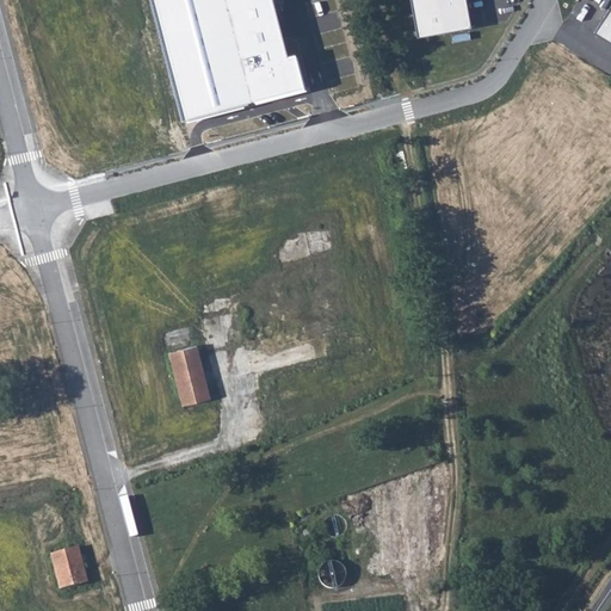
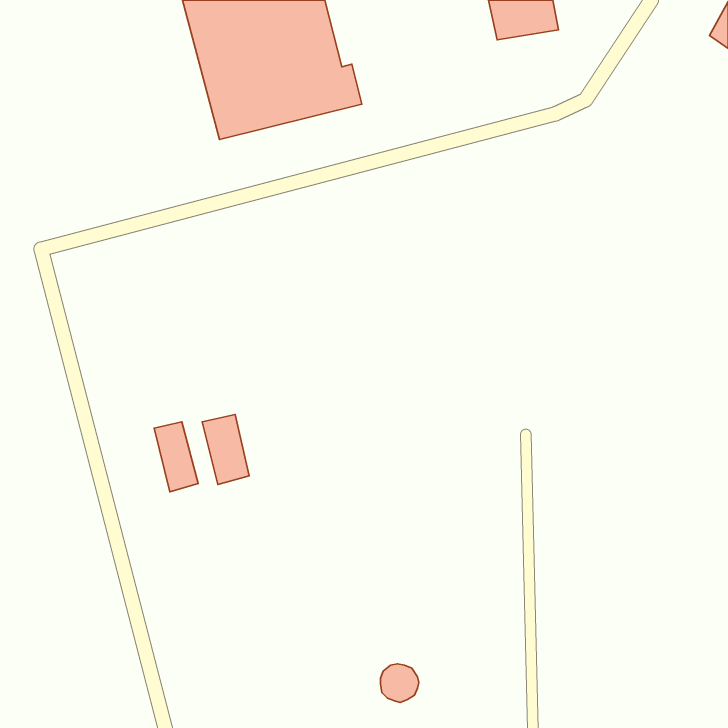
building: none -> [154,422,198,492]
building: [53,544,87,587] -> none

